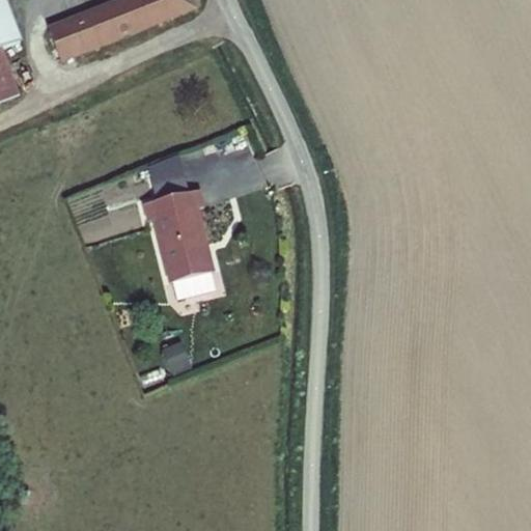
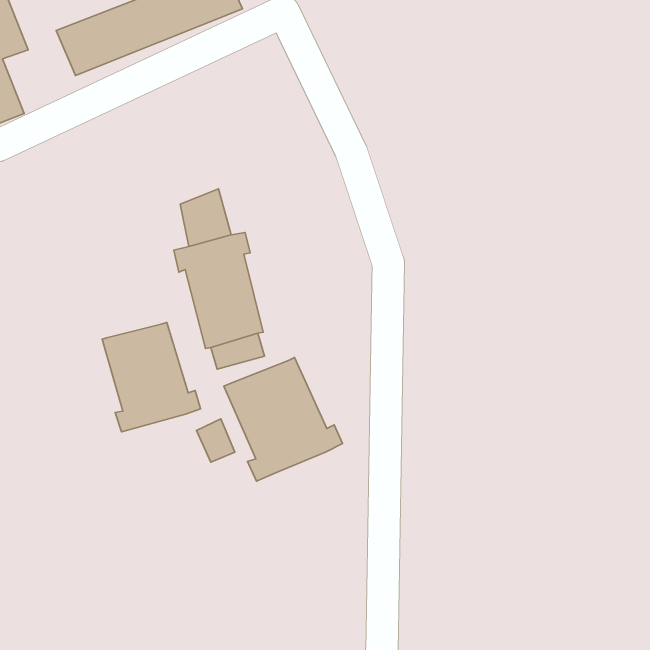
building: none -> [102,322,201,432]
building: none -> [224,358,342,481]

